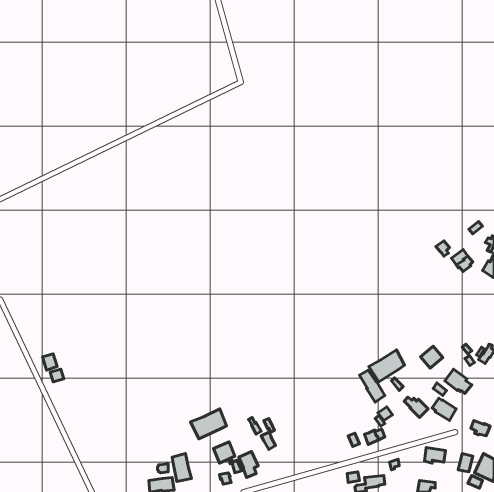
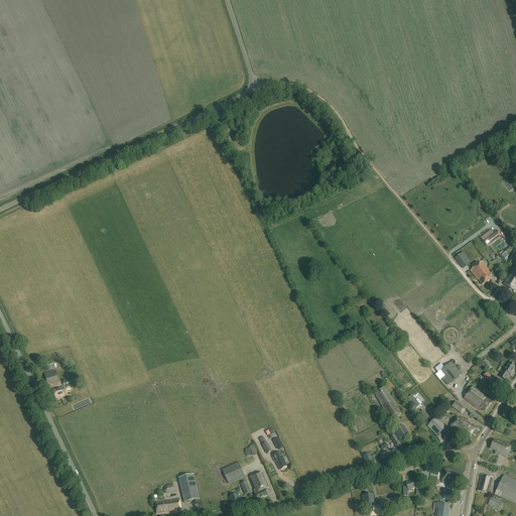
building: [369,350,405,382] -> none
building: [191,409,226,439] -> none

